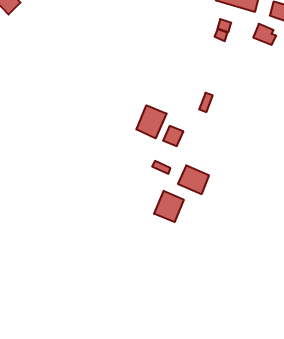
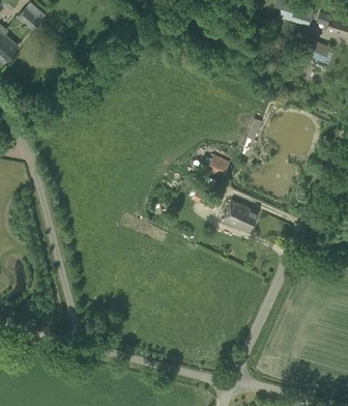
building: [136,105,167,138] -> none
building: [154,191,184,222] -> none

